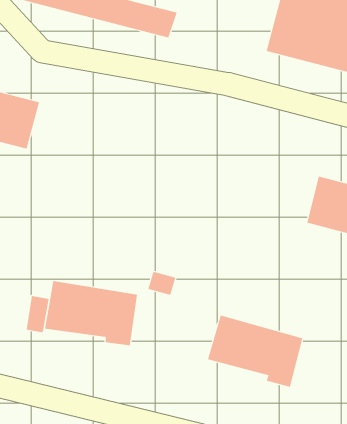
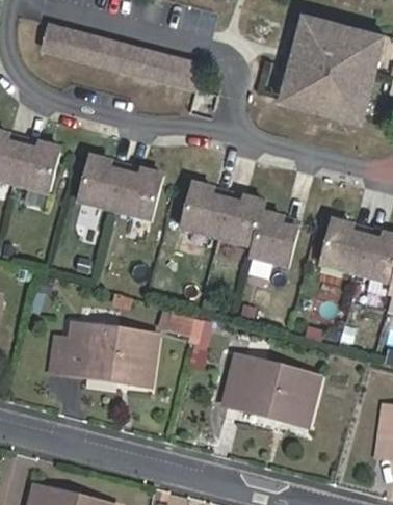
building: none -> [78,157,162,221]
building: none -> [181,183,299,268]

